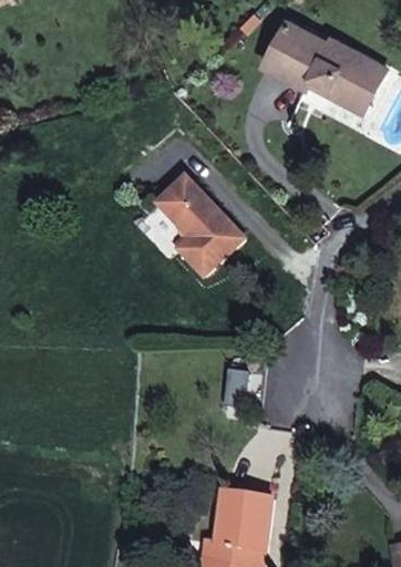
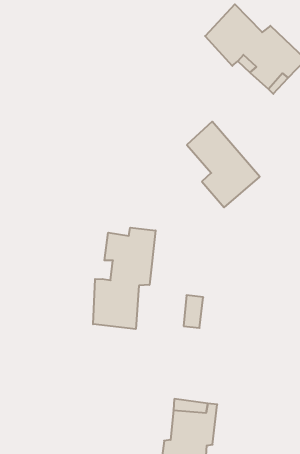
building: [157,169,244,271] -> [187,122,260,207]
building: none -> [93,228,156,329]

